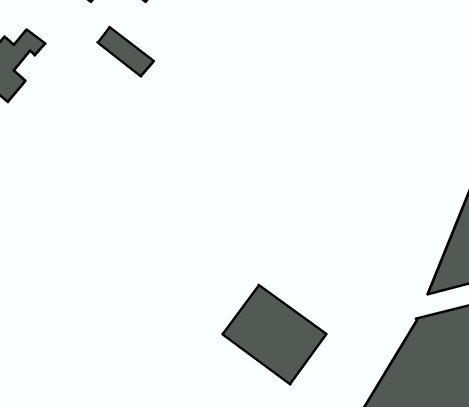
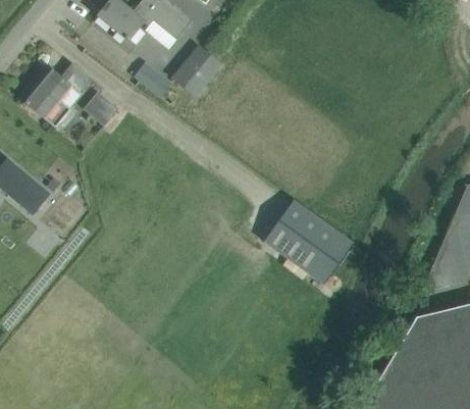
building: none -> [174,46,220,93]
building: none -> [84,91,118,124]
building: [223,285,326,384] -> [264,200,355,287]

